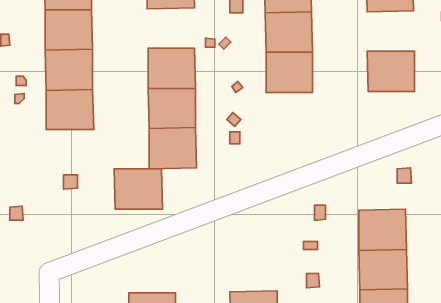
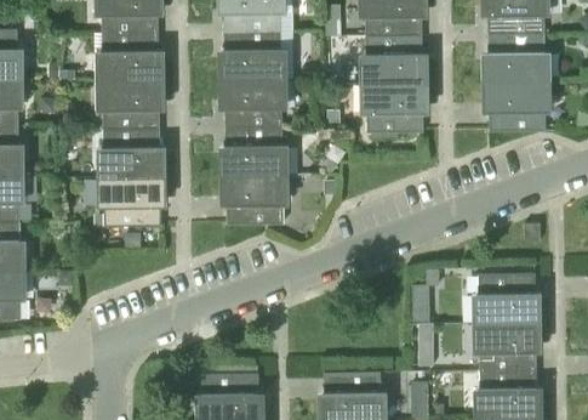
building: none -> [224,29,281,78]
building: none -> [489,33,546,81]
building: [114,169,162,209] -> [103,176,161,225]

